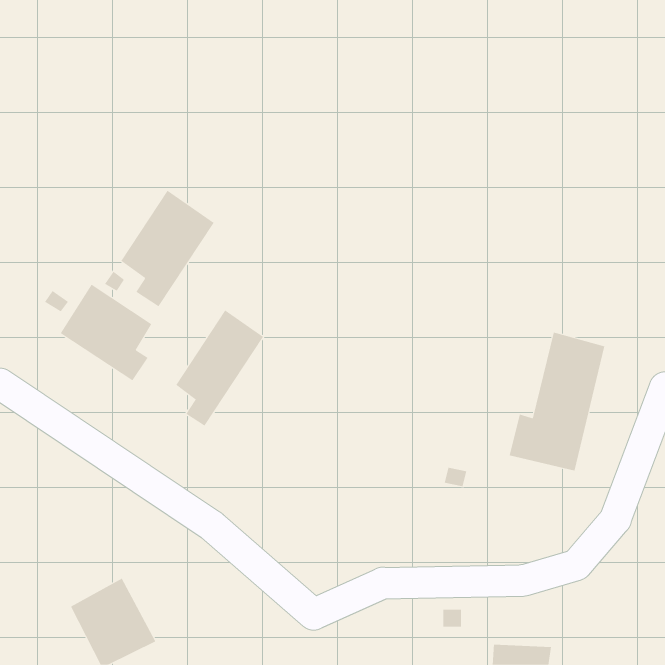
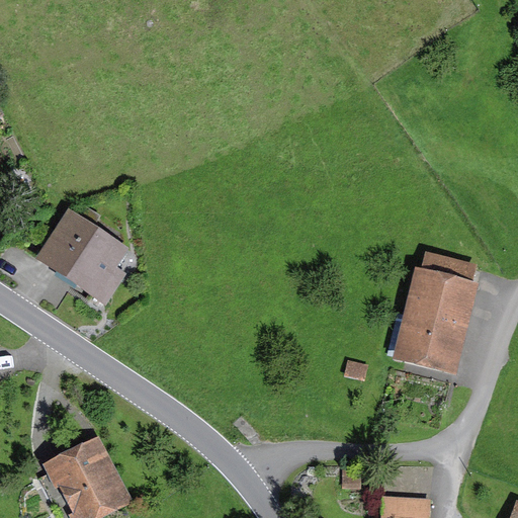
building: [121,190,214,307] -> none
building: [176,310,264,427] -> none

